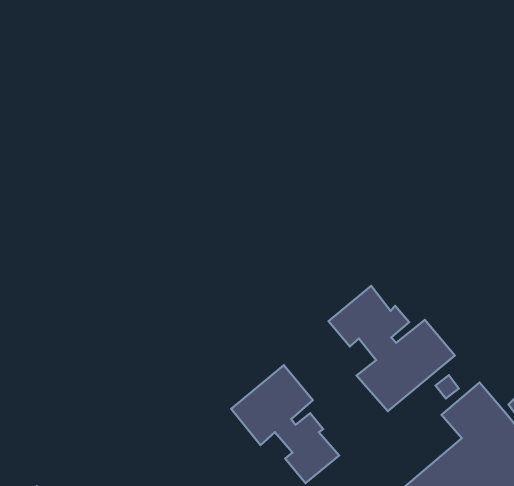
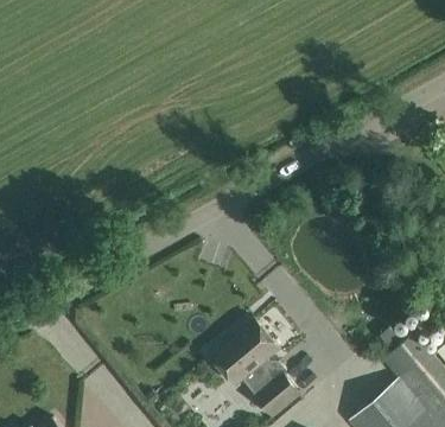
building: [329,286,455,411] -> none

